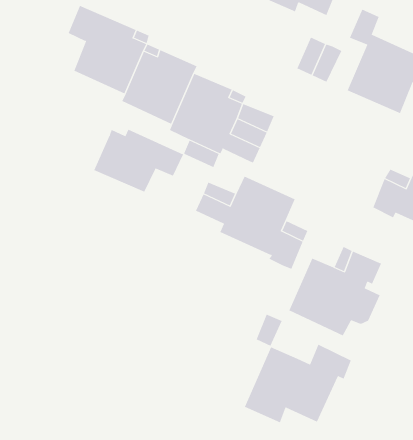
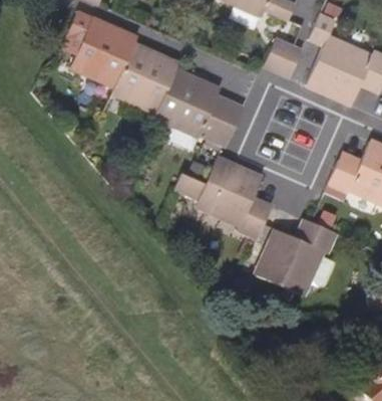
building: [93,129,184,193] -> none
building: [244,344,351,423] -> none

